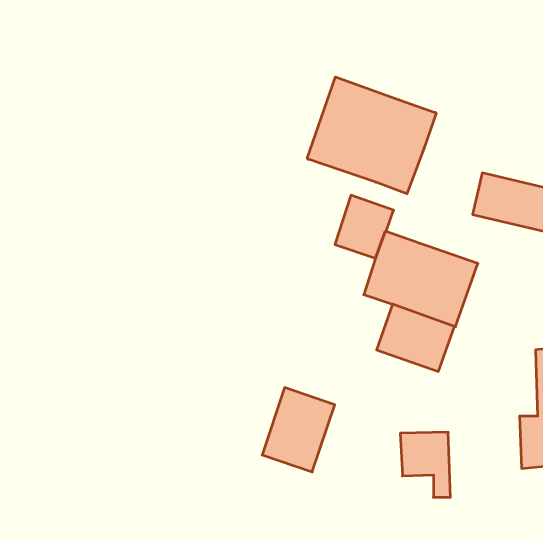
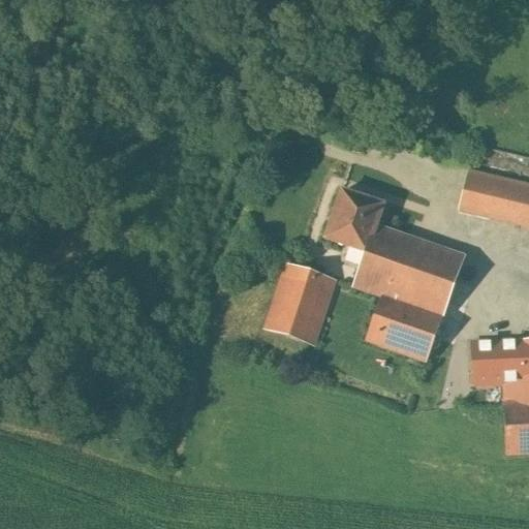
building: [307,77,436,194] -> none
building: [262,388,335,472] -> [266,261,336,343]
building: [400,432,450,497] -> [474,340,523,403]

